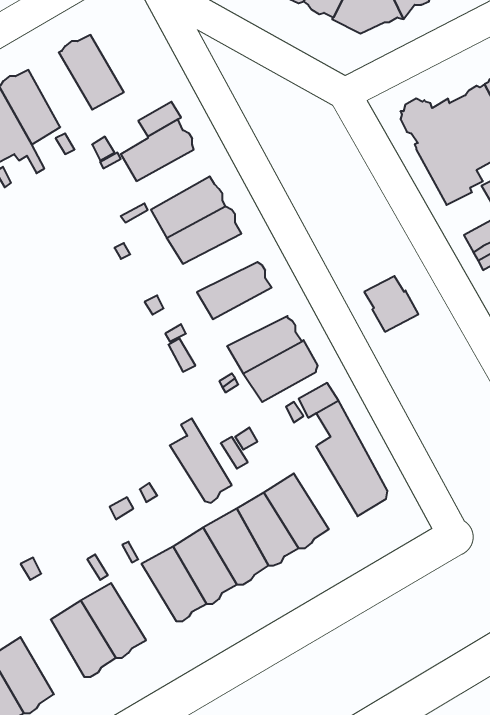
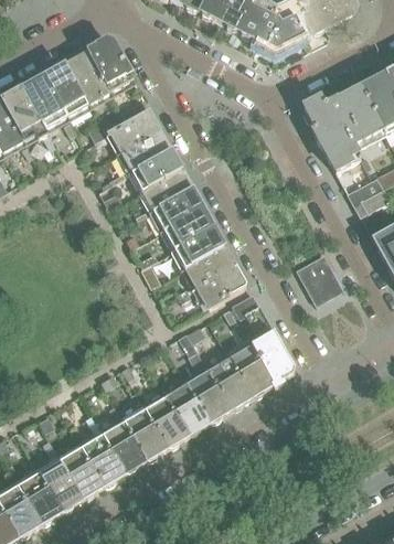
building: none -> [86,40,132,92]
building: none -> [44,64,88,116]
building: none -> [119,131,170,173]
building: none -> [151,190,203,231]
building: [364,276,418,332] -> [300,258,338,297]
building: none -> [172,227,224,268]
building: [170,418,232,503] -> [228,338,271,396]
building: none -> [102,419,147,472]
building: none -> [39,438,83,510]

